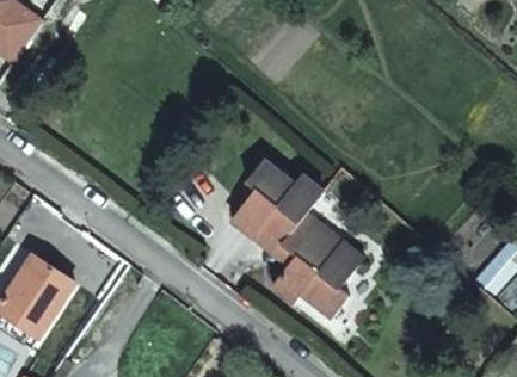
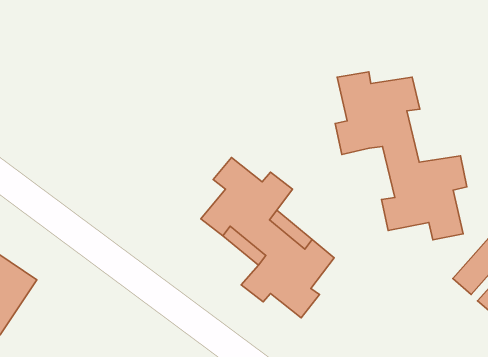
building: none -> [335,72,467,240]

